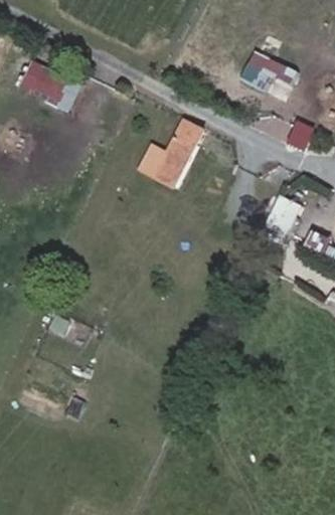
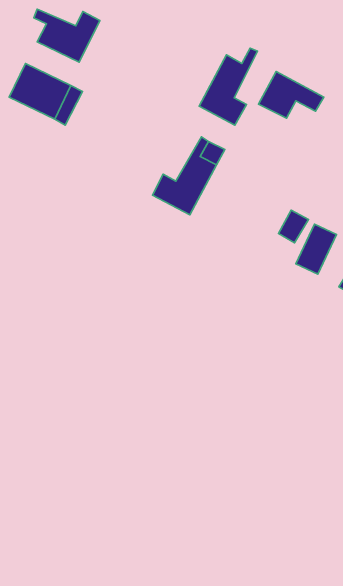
building: none -> [34,9,100,62]
building: none -> [199,48,257,125]

